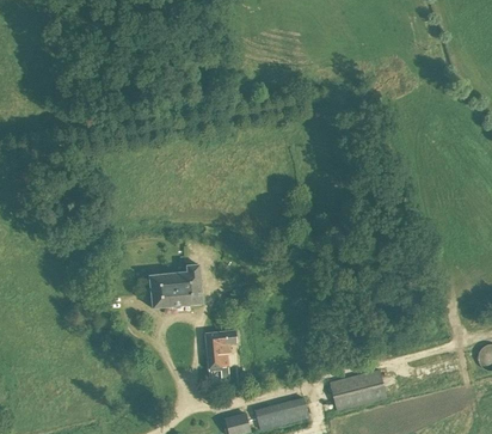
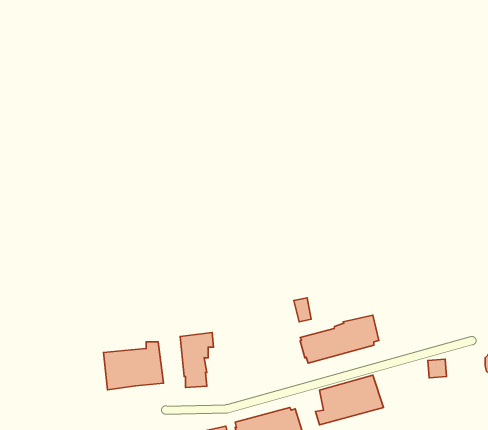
building: [149,267,203,310] -> [103,342,164,390]
building: none -> [300,315,379,363]

